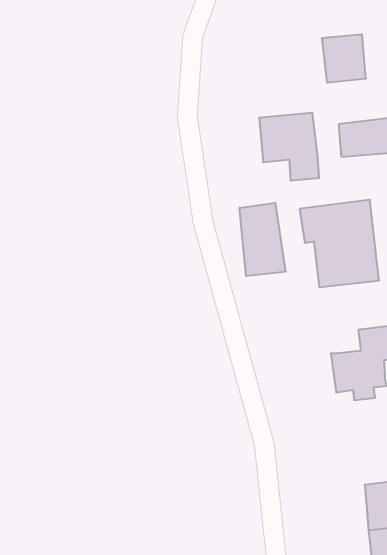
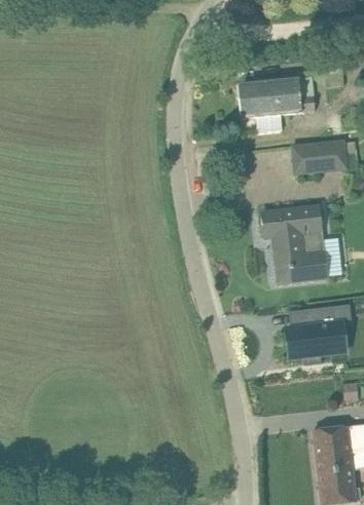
building: [259,113,319,180] -> [238,78,285,131]
building: [239,203,285,276] -> none

